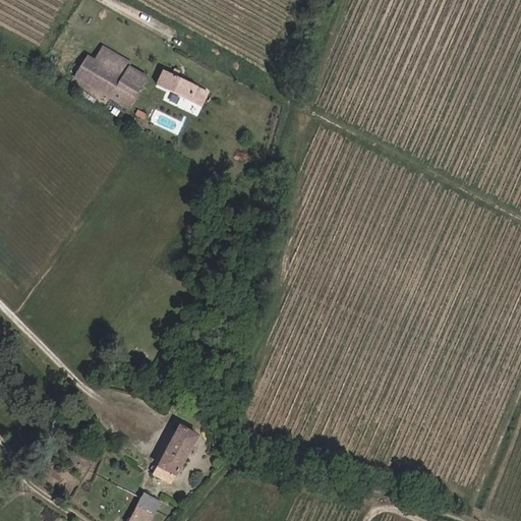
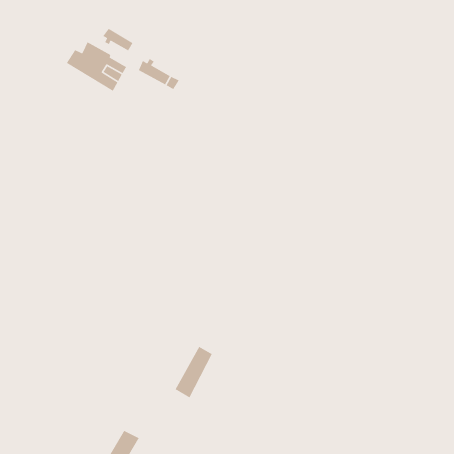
building: none -> [102,28,134,52]
building: [152,424,195,484] -> [175,346,213,398]

